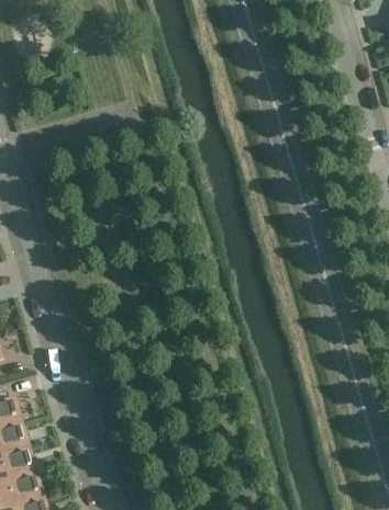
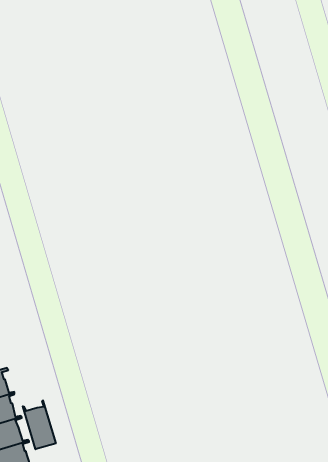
building: none -> [23,400,56,449]

